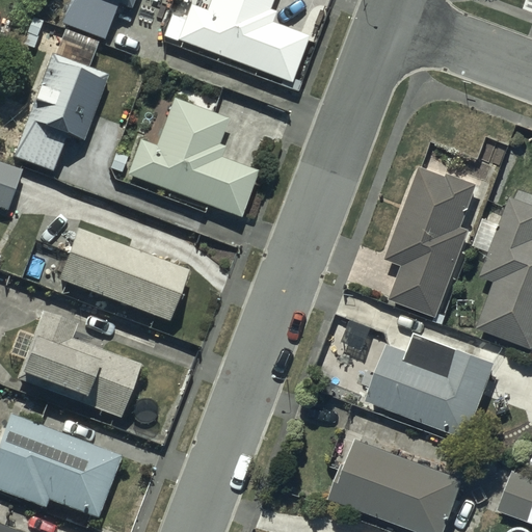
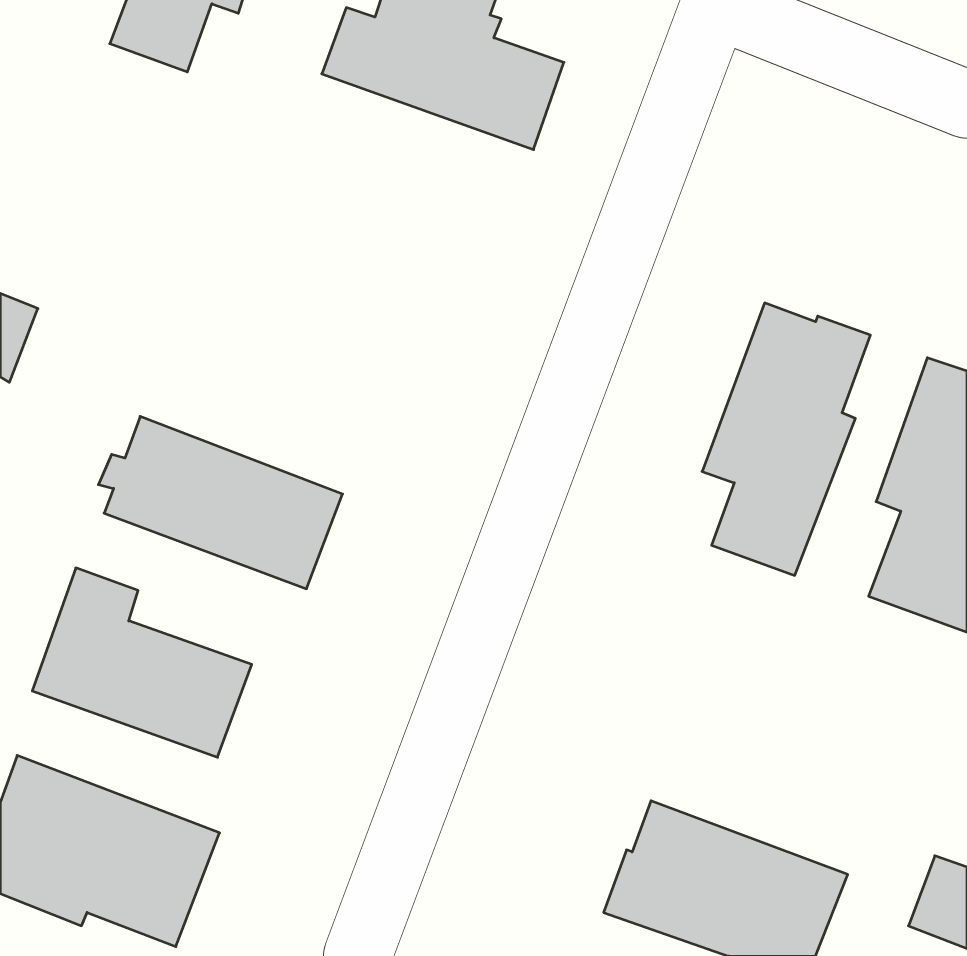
building: [12,53,107,172] -> none
building: [127,98,258,217] -> none
building: [368,334,498,440] -> none

